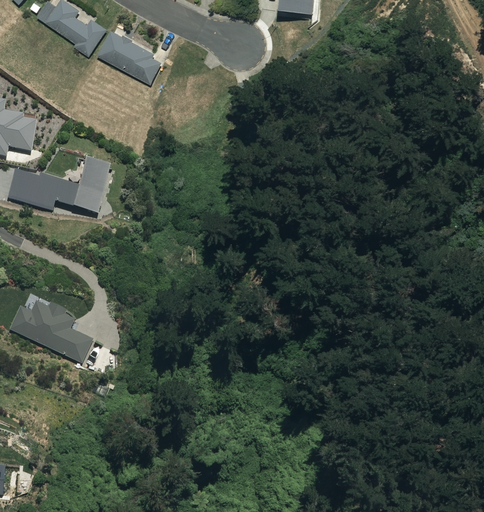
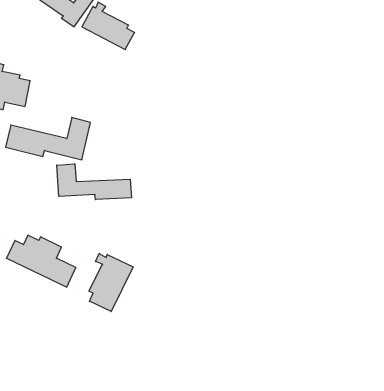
building: none -> [57,164,131,200]
building: none -> [89,253,133,312]

